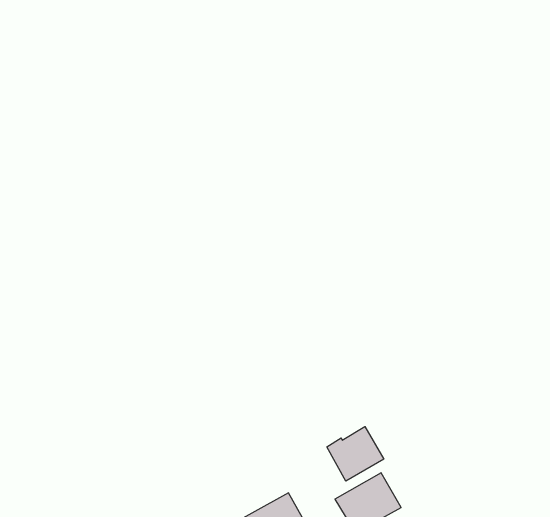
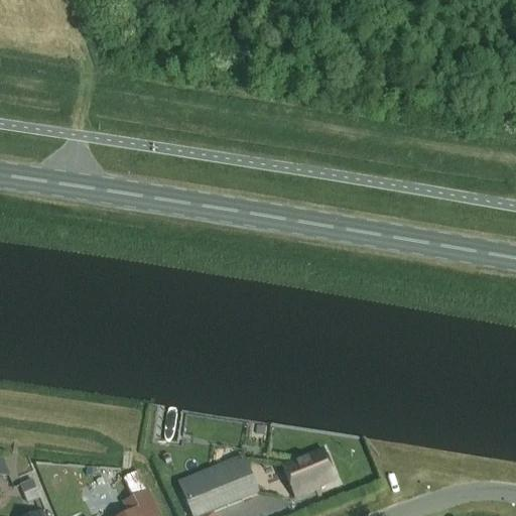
building: [327,427,384,481] -> none

